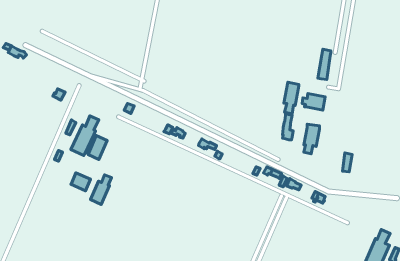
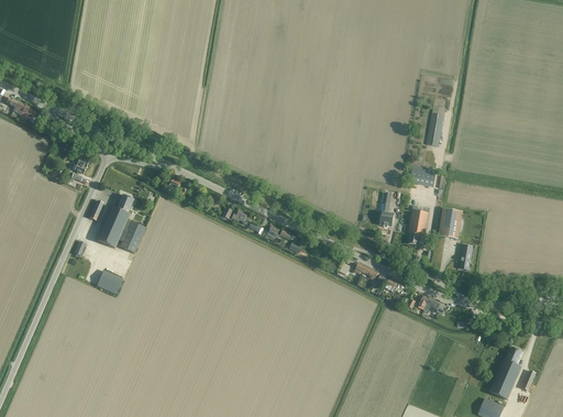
building: [284,82,299,114] -> none
building: none -> [439,207,463,239]
building: [91,175,112,204] -> none

